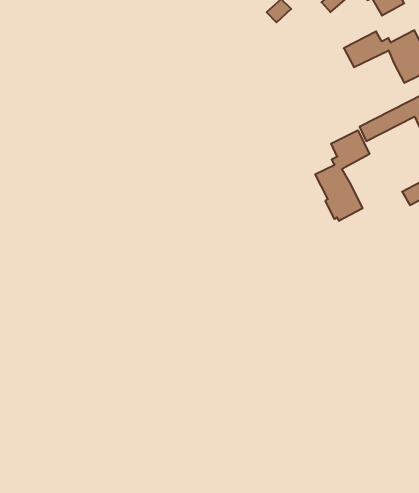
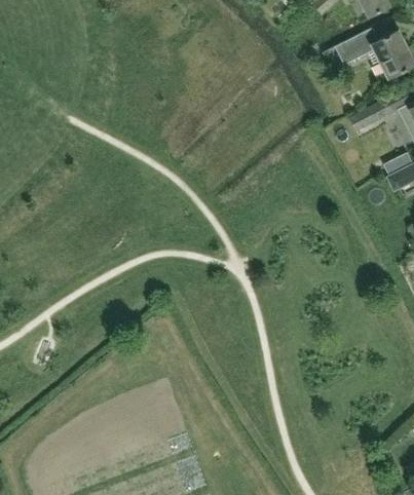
building: [315,130,369,221] -> none

